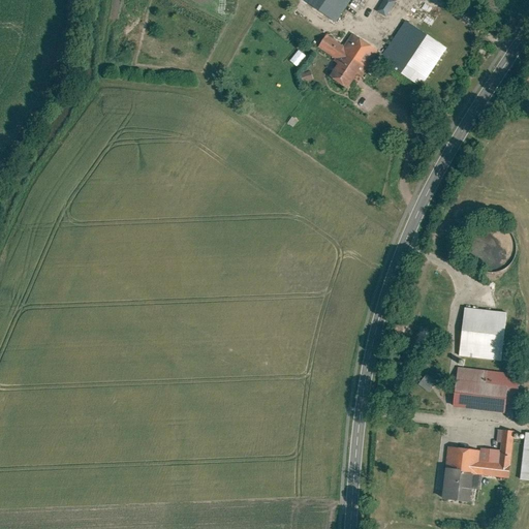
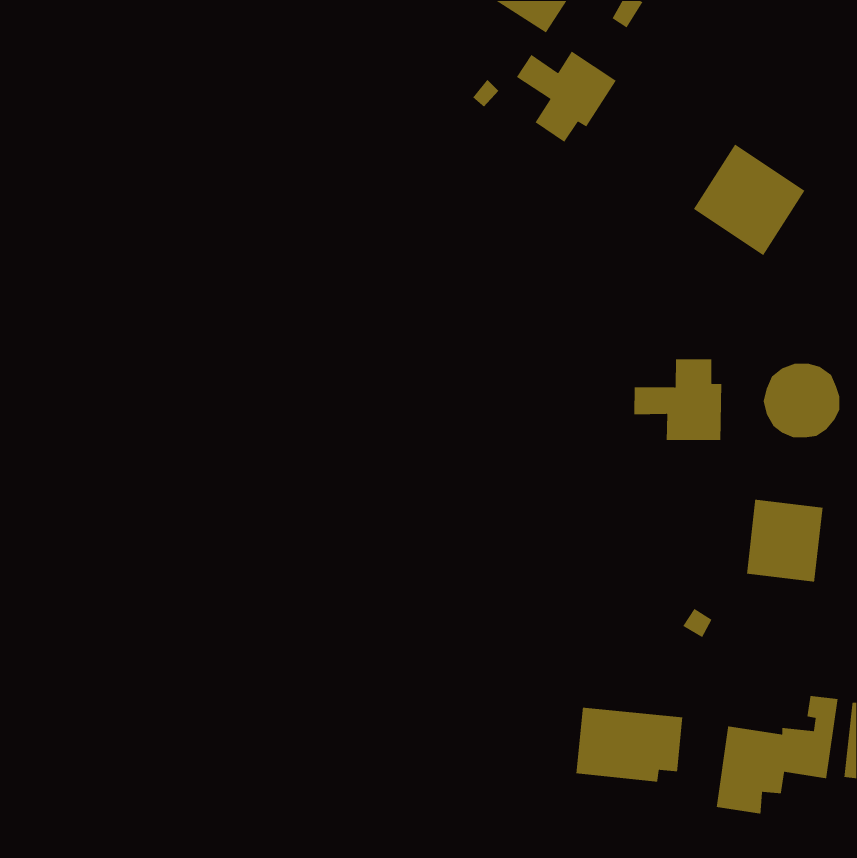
building: [379,20,448,89] -> [693,144,805,256]
building: none -> [634,358,722,441]
building: [453,365,519,411] -> [575,707,683,782]

